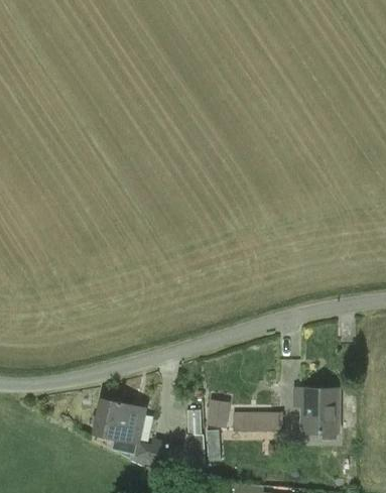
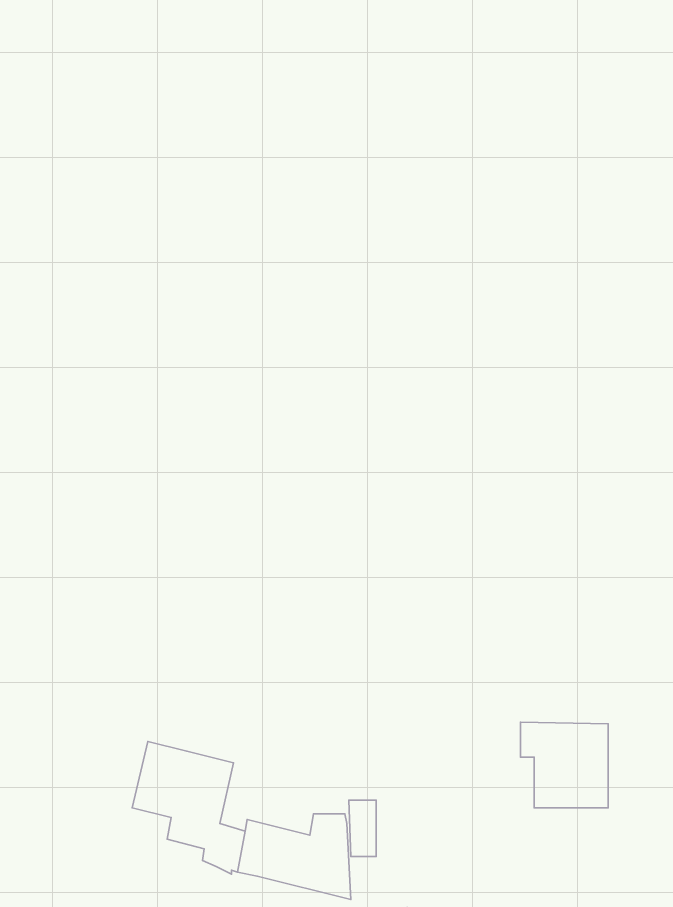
building: [206,399,230,427] -> none
building: [233,412,282,430] -> none

